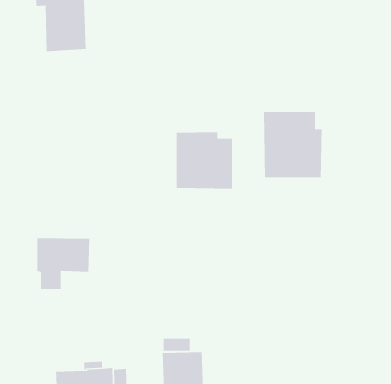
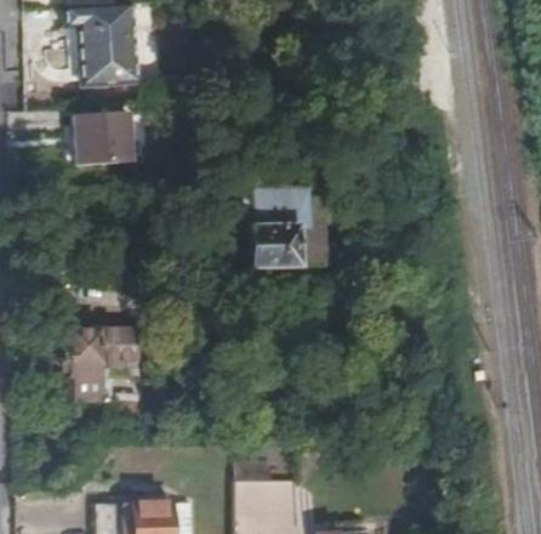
building: none -> [72,112,129,165]
building: [263,111,323,178] -> none

